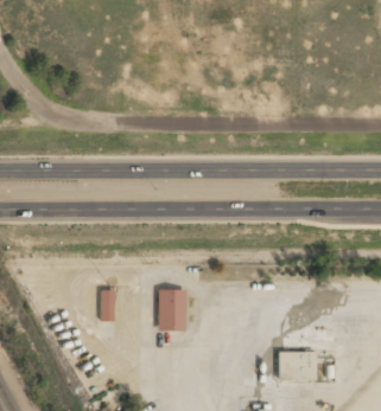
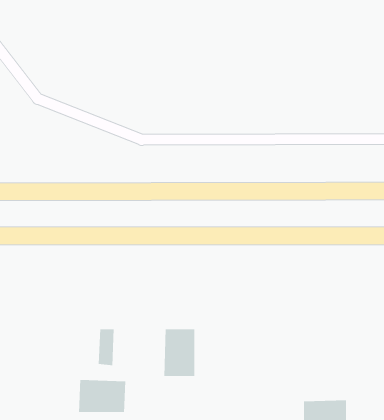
building: none -> [78,379,126,413]

